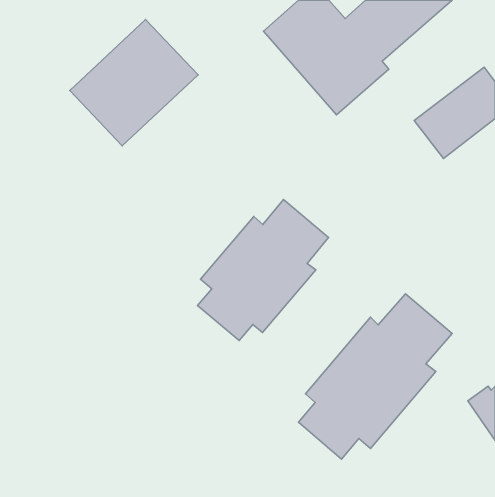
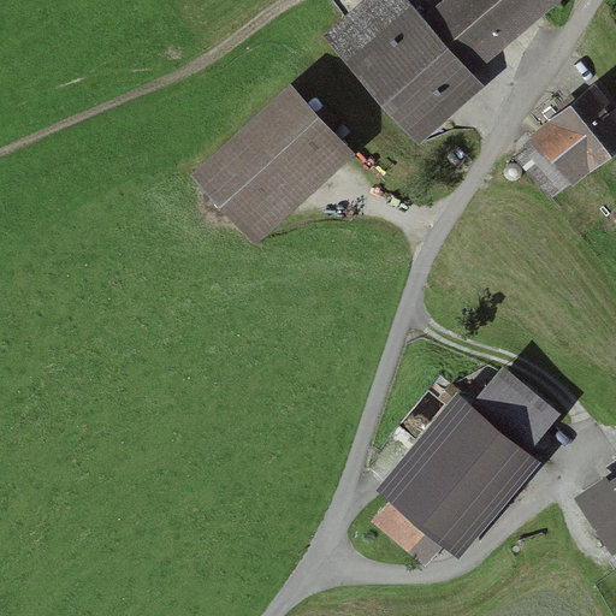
building: [70,20,198,146] -> [195,89,354,245]
building: [198,199,328,340] -> none

